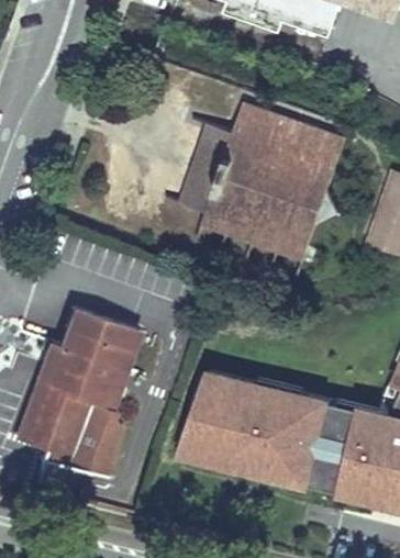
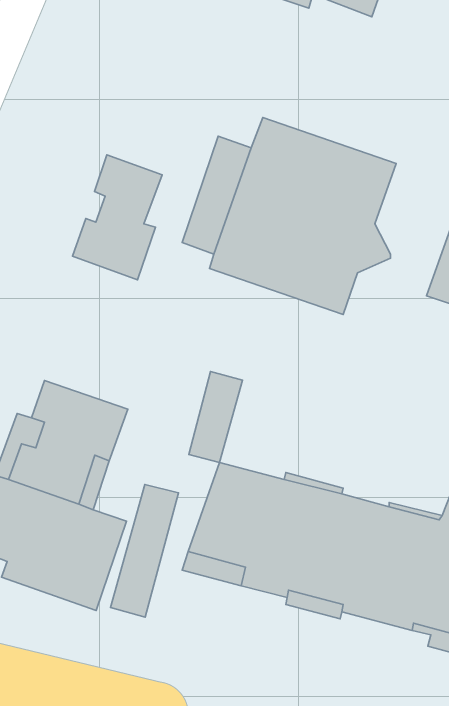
building: none -> [72,155,162,280]
building: none -> [189,372,243,462]
building: none -> [110,484,178,617]

